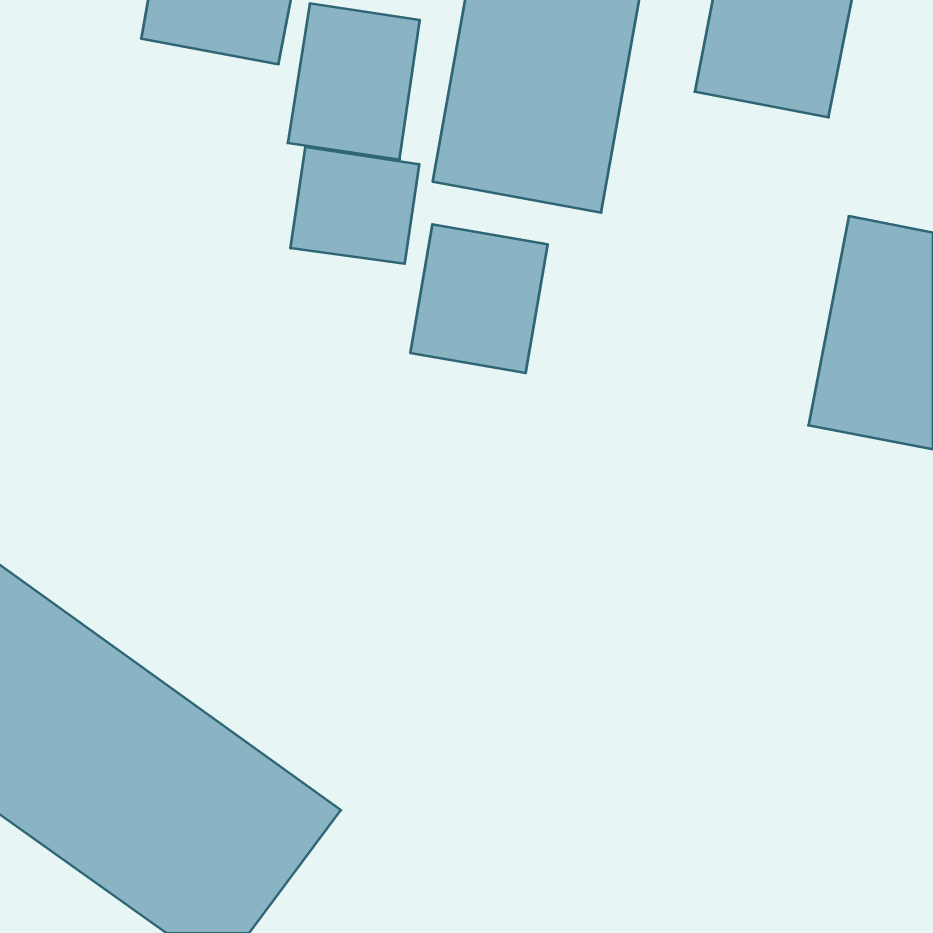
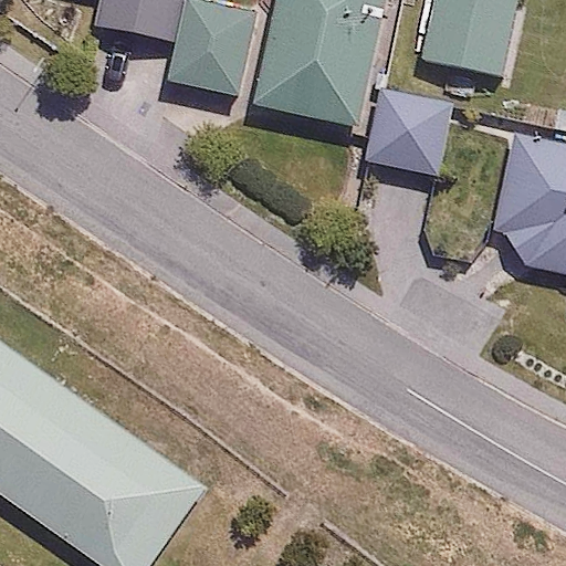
building: [291,147,419,264] -> none
building: [410,224,548,373] -> [370,86,453,176]

